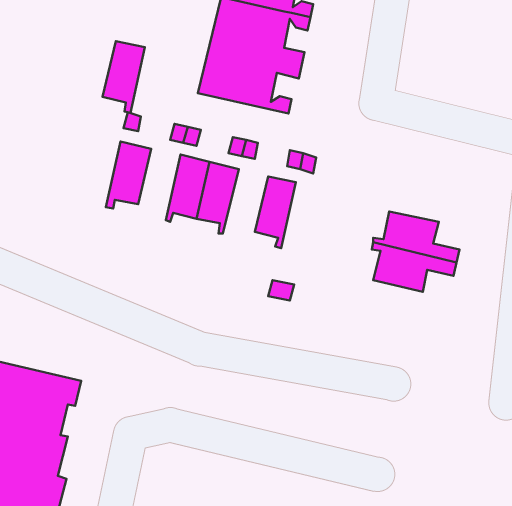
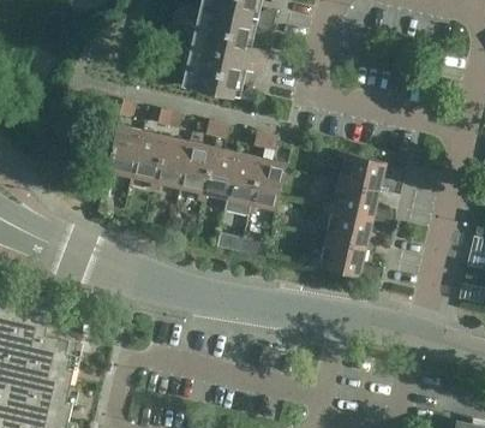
building: [103,41,145,113] -> [131,131,166,190]
building: none -> [200,148,238,202]
building: none -> [335,151,406,191]
building: none -> [249,159,286,213]
building: none -> [311,239,382,283]

